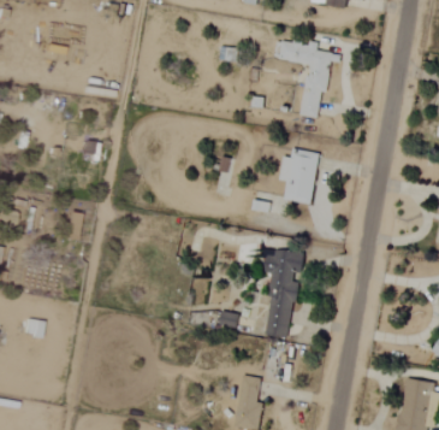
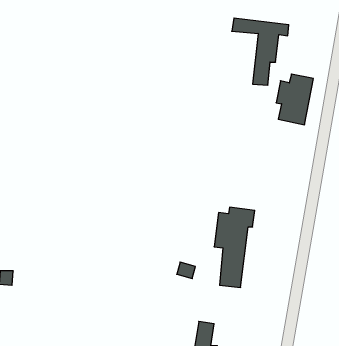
building: [280,149,321,205] -> [276,74,313,125]

